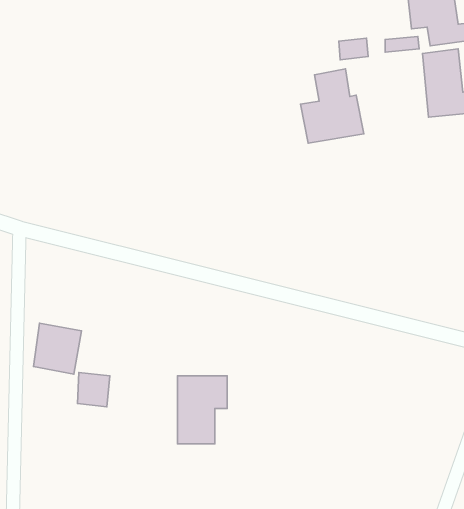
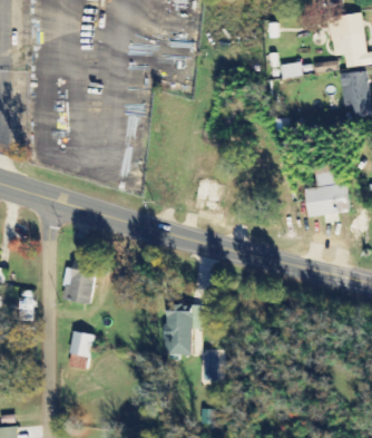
building: [300,69,364,143] -> [304,164,350,217]
building: [77,373,110,407] -> [70,332,94,357]

